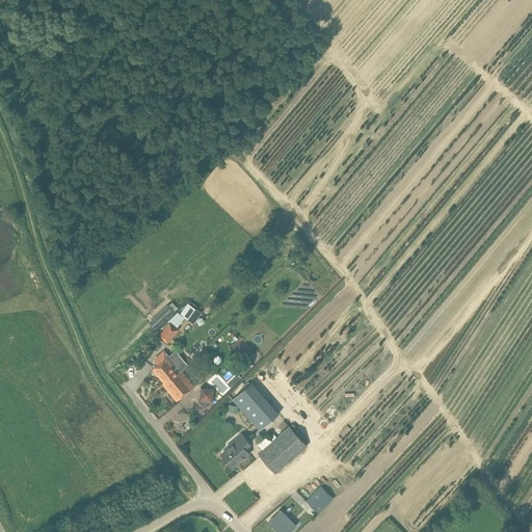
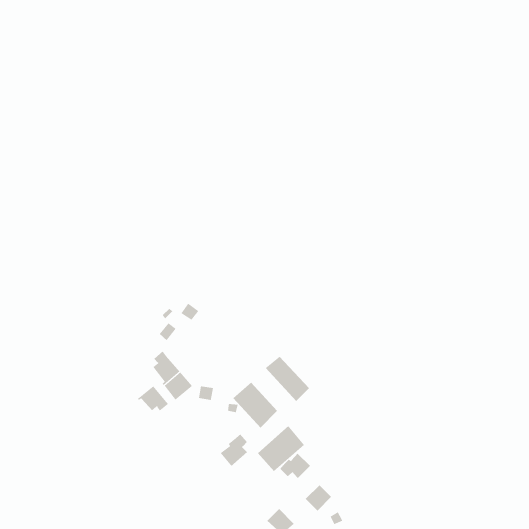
building: none -> [265,356,310,402]
building: none -> [137,386,169,411]
building: none -> [280,453,311,479]

